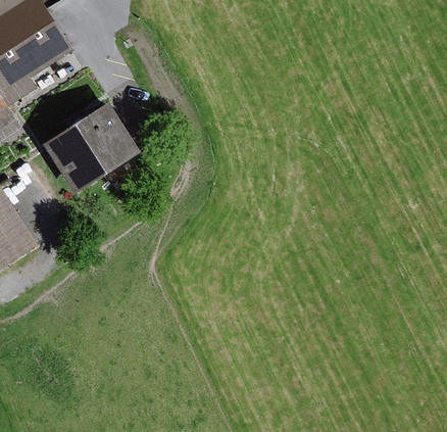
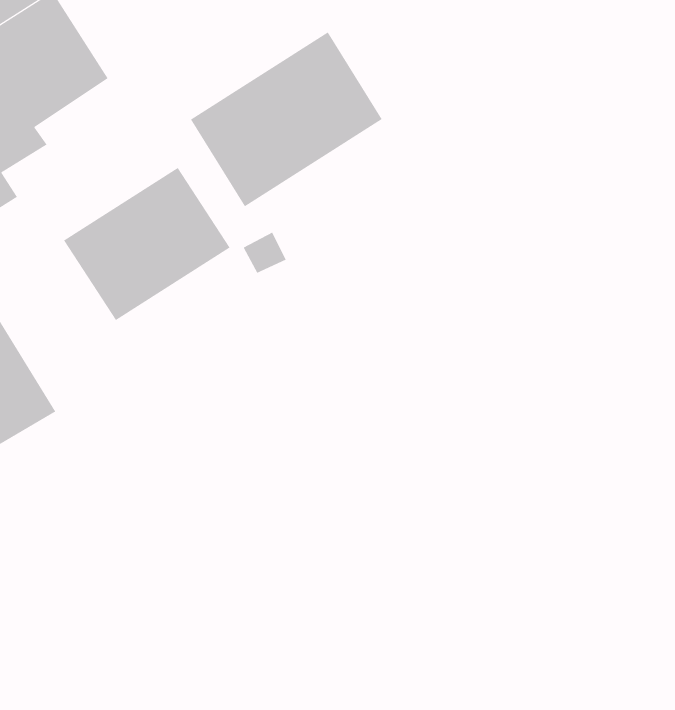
building: none -> [190,31,382,207]

